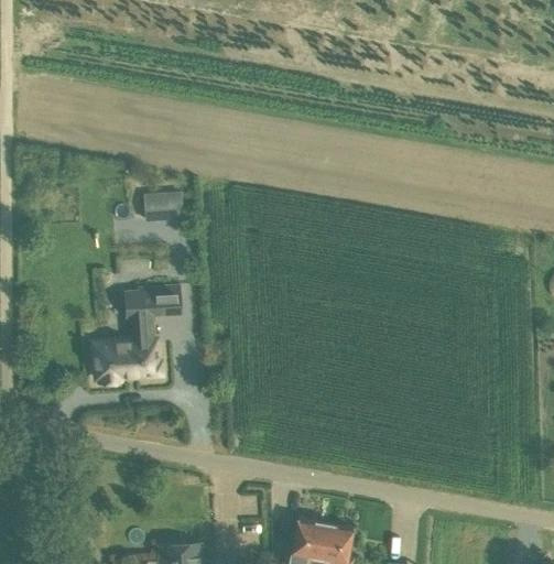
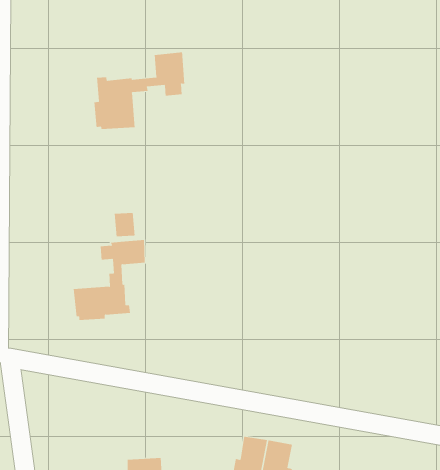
building: none -> [94,51,185,130]
building: [142,192,167,220] -> [114,213,135,237]

